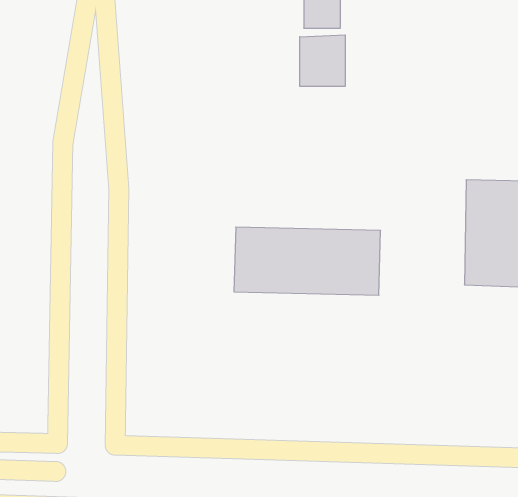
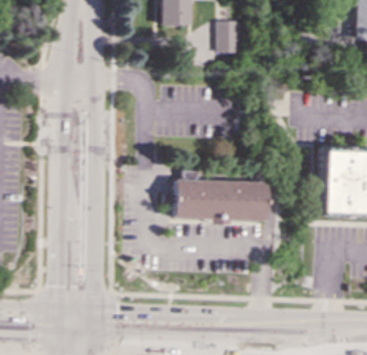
building: [300,35,345,86] -> none

